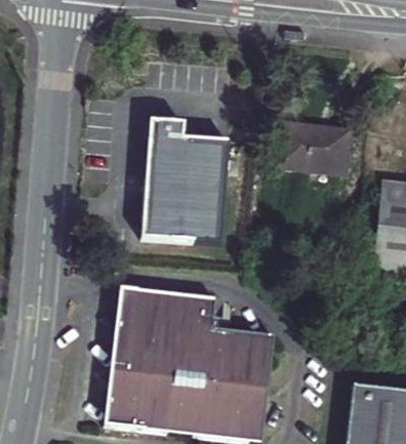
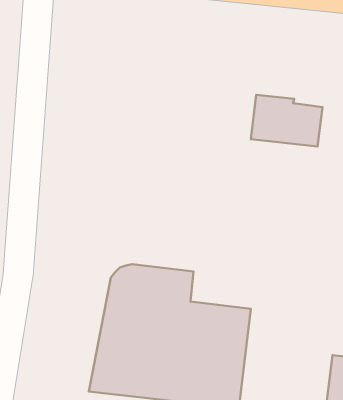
building: [143,116,229,240] -> none
building: [109,288,153,420] -> none

